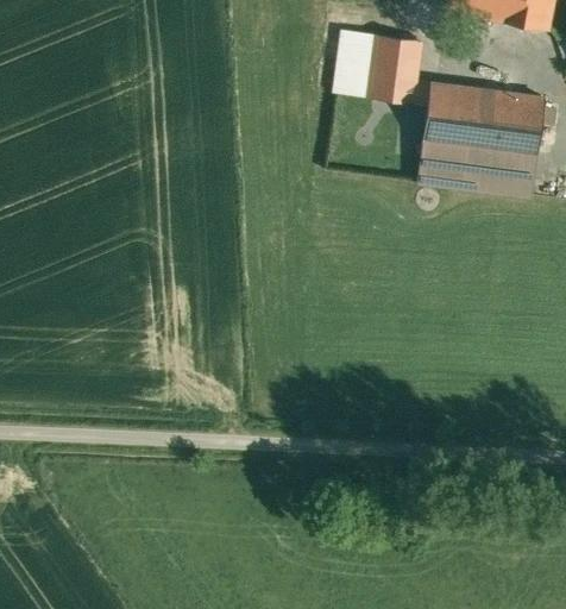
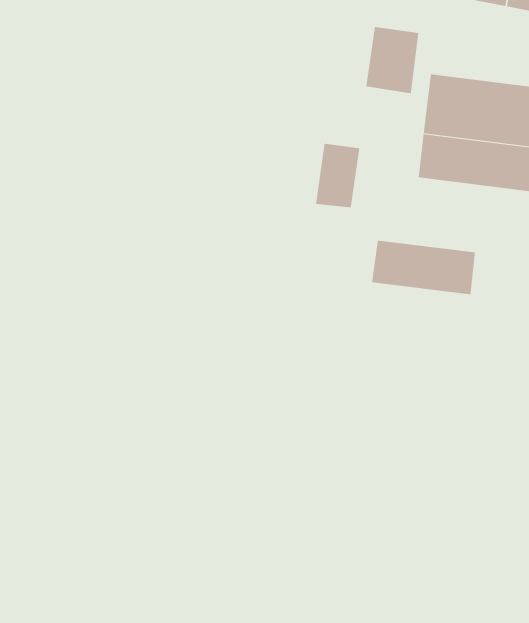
building: [334,31,377,93] -> [315,143,360,208]
building: none -> [372,240,476,295]

